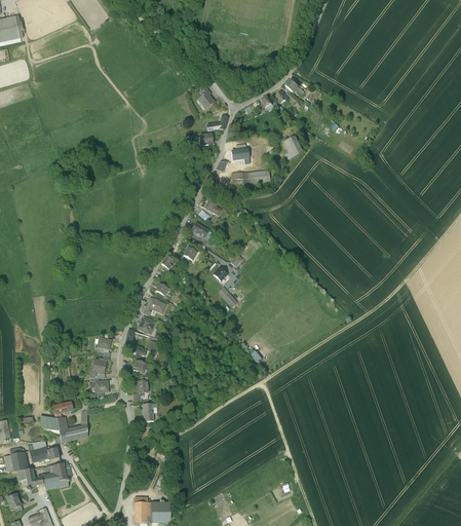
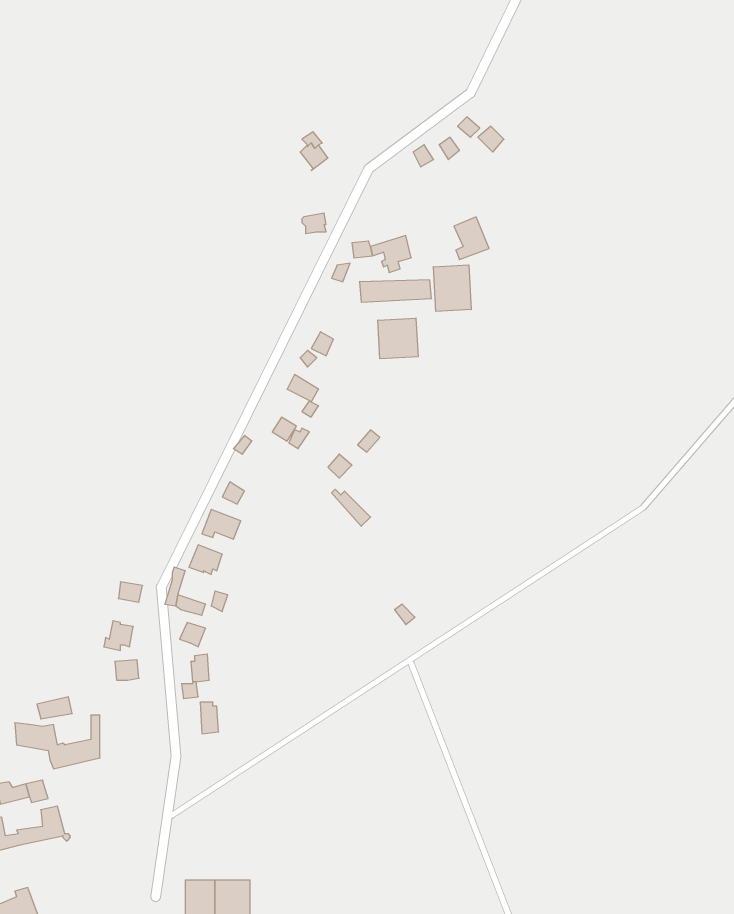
building: none -> [433,265,471,311]
building: none -> [378,318,418,359]

